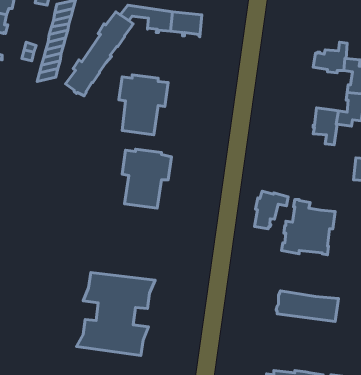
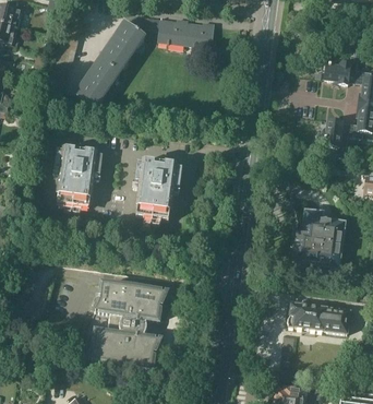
building: [119,75,168,135] -> [53,146,103,206]
building: [254,191,288,229] -> none

